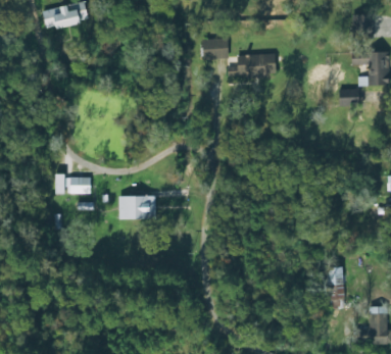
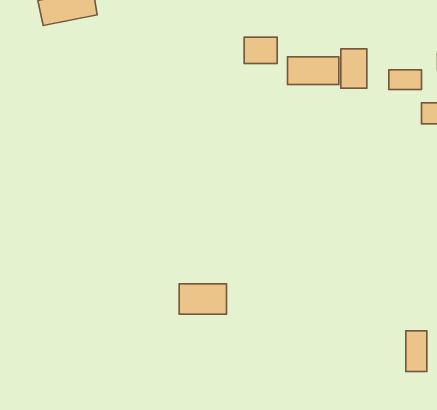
building: none -> [341,49,367,88]
building: [56,173,91,194] -> none
building: [118,195,155,218] -> [179,284,226,314]

